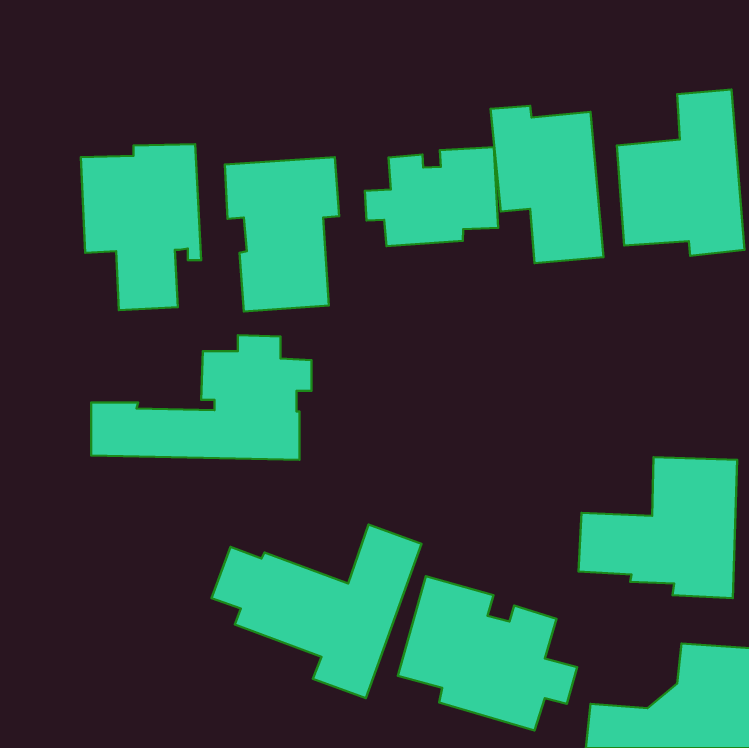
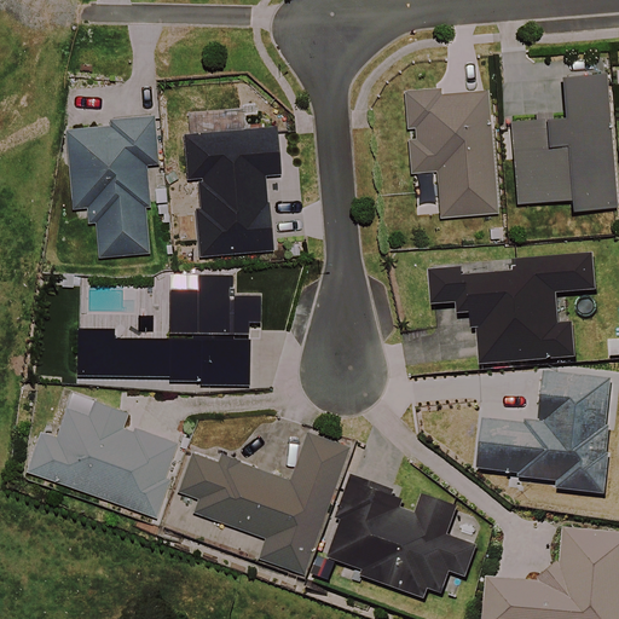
building: [365,147,498,246] -> none
building: none -> [429,256,597,361]
building: none -> [29,400,178,515]

